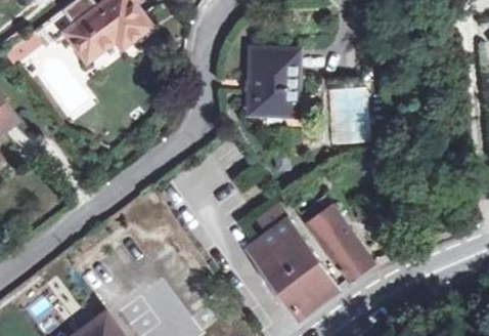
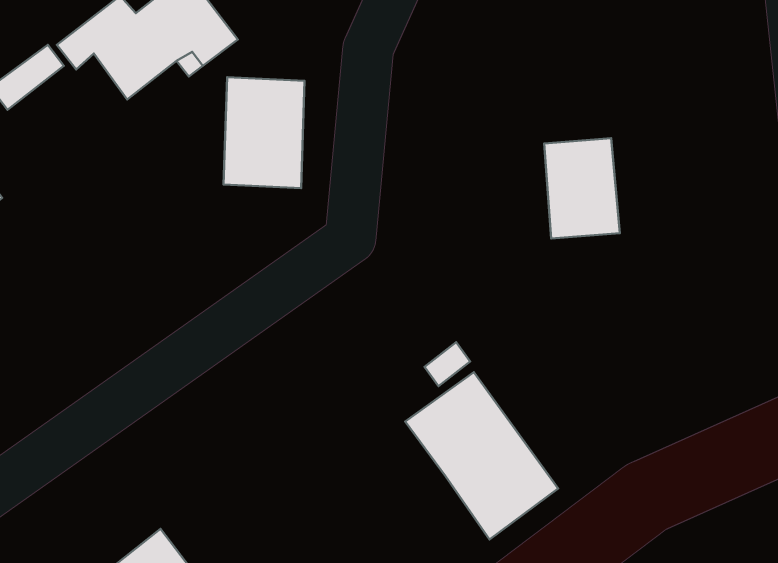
building: [250,49,297,114] -> [224,77,305,188]
building: [305,206,371,281] -> none

